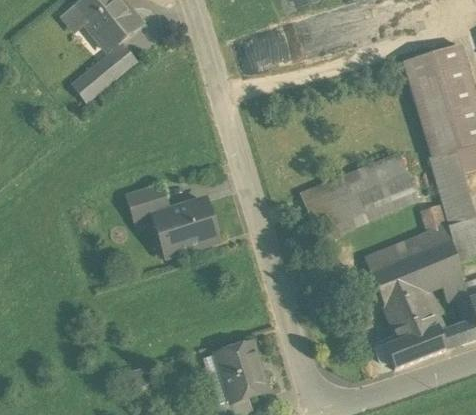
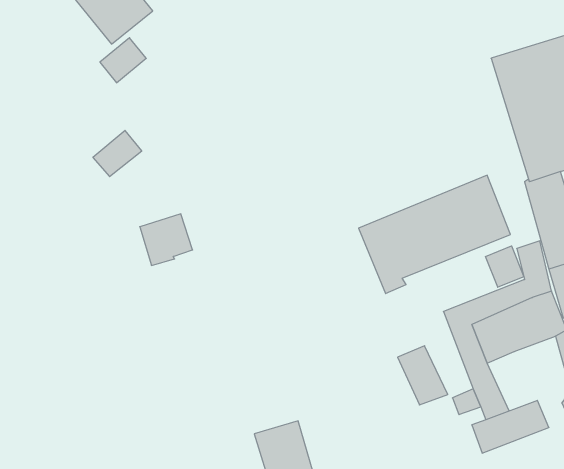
building: [73,63,111,99] -> [93,130,142,177]
building: [155,197,221,255] -> none
building: none -> [486,246,524,287]
building: [399,288,438,334] -> [398,346,448,405]

